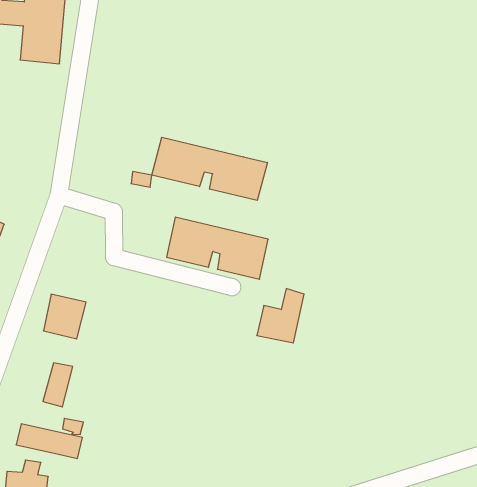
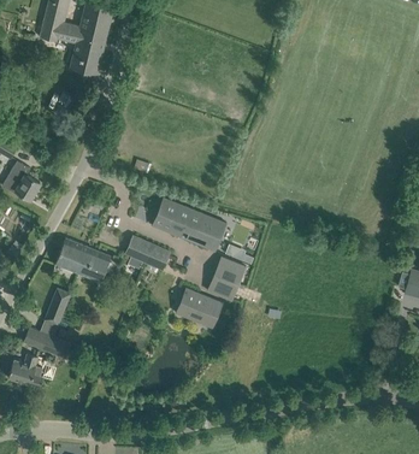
building: [152,137,267,200] -> none
building: none -> [124,235,170,270]
building: none -> [77,248,110,283]
building: none -> [175,288,222,329]

